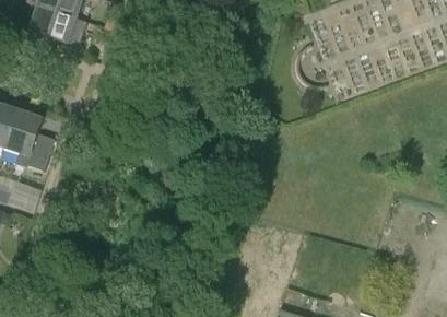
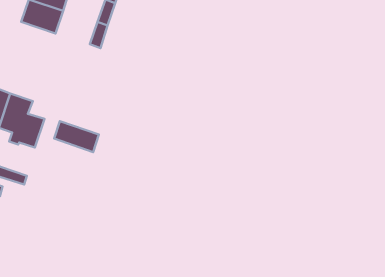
building: none -> [54,121,99,152]

